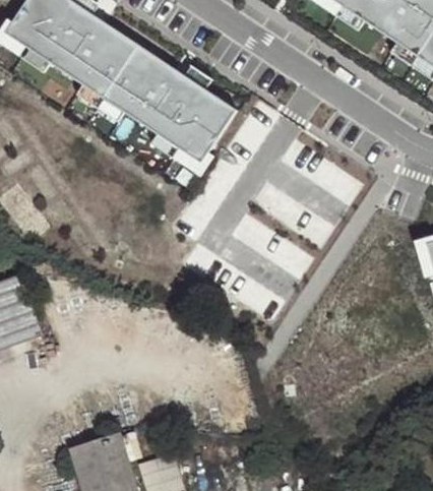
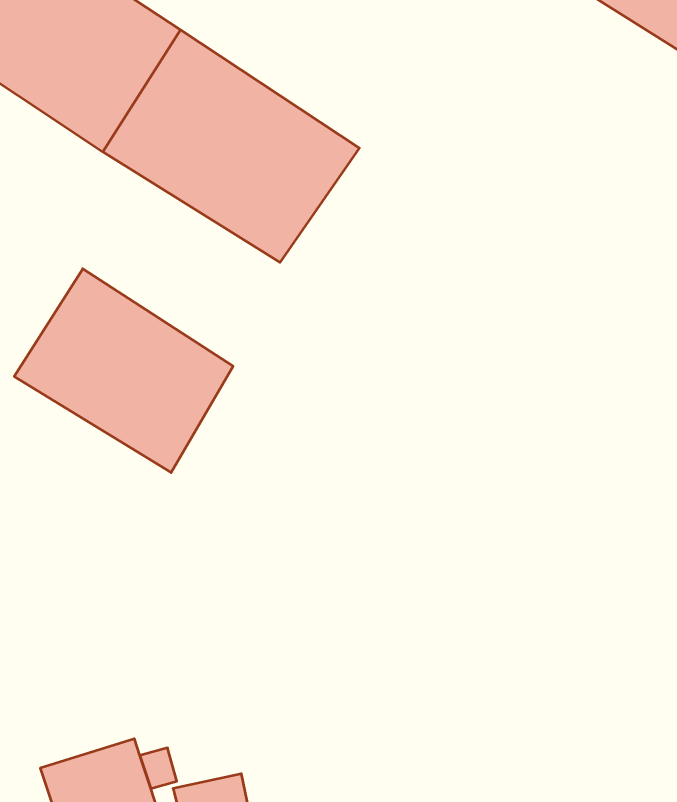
building: none -> [14,269,233,473]

